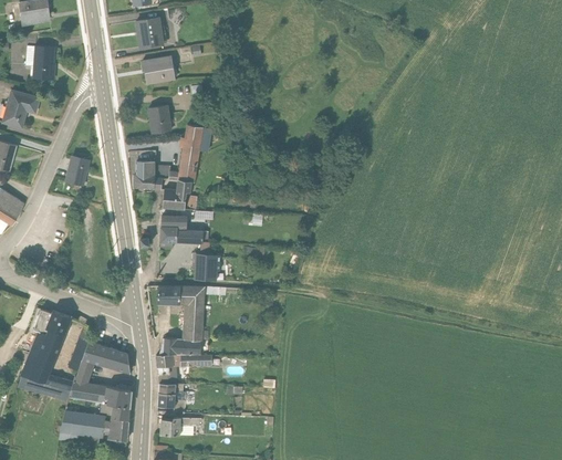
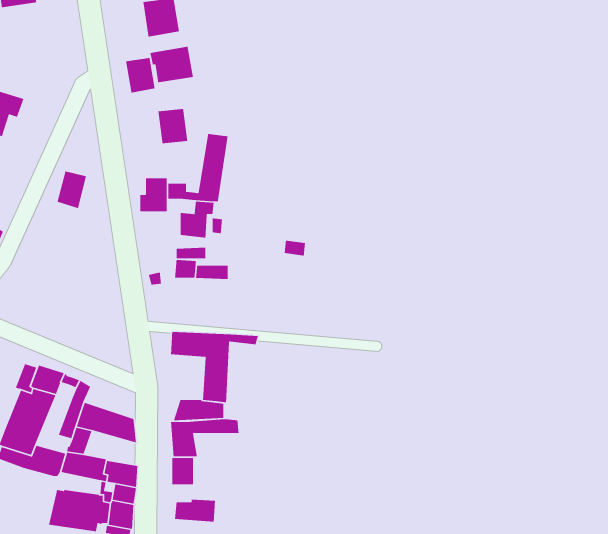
building: [31,45,55,79] -> none
building: none -> [125,57,156,94]
building: [190,252,218,280] -> none

